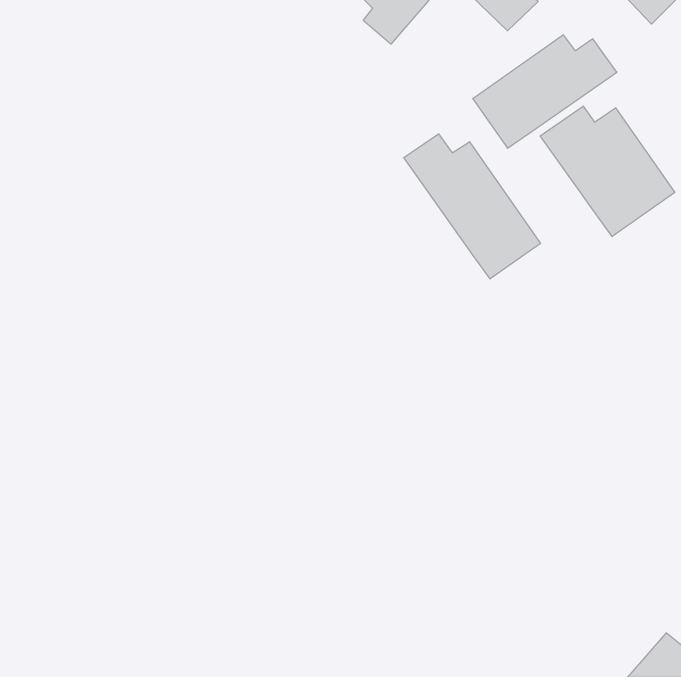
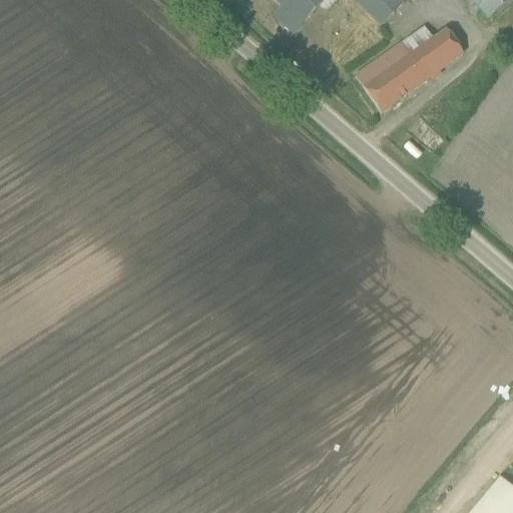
building: [540,106,675,237] -> none
building: [404,134,541,279] -> none

